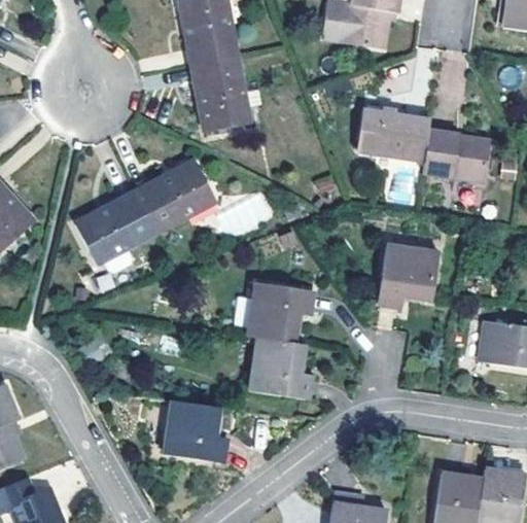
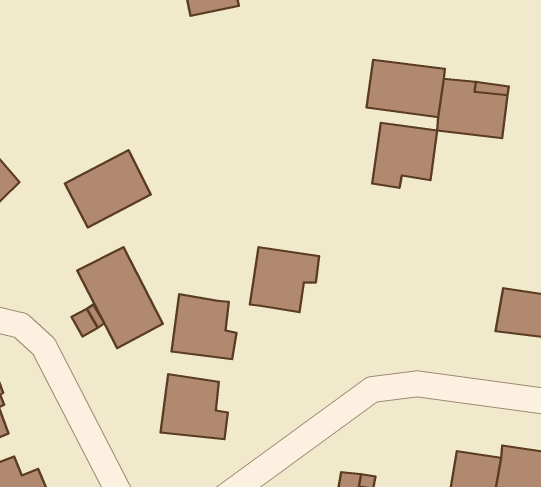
building: [192,58,251,133] -> none
building: [135,161,216,234] -> none
building: [378,246,438,307] -> [372,123,437,188]
building: none -> [77,247,163,348]
building: [251,338,312,398] -> [171,294,236,359]

